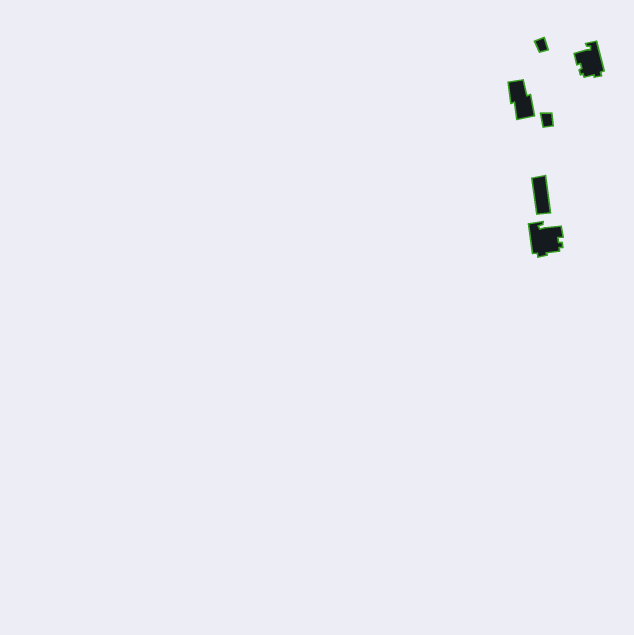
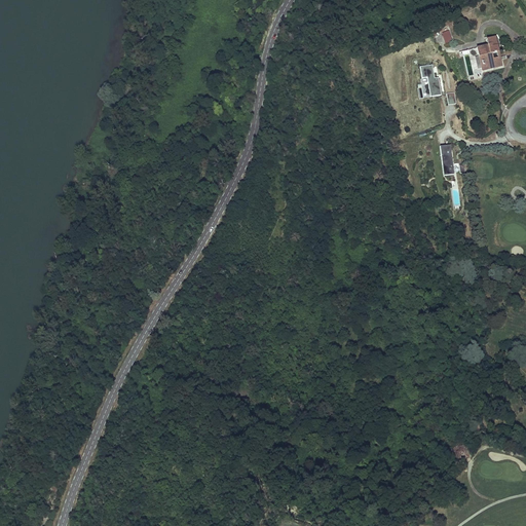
building: [529,222,563,257] -> none

